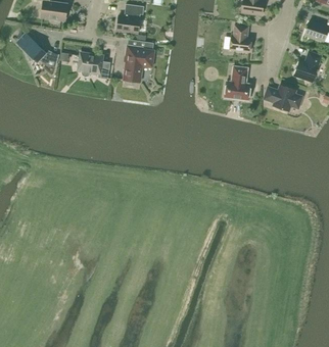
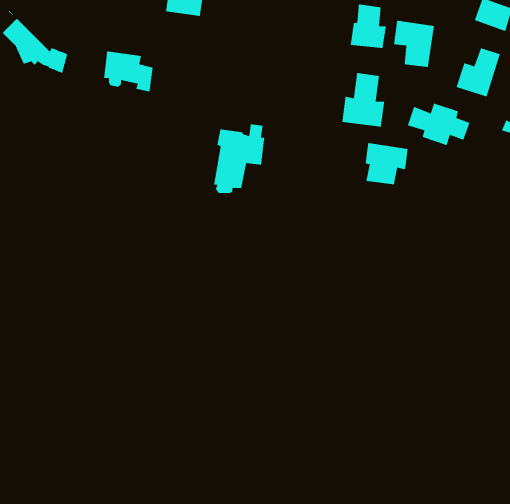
building: none -> [393,20,435,68]
building: [123,42,154,85] -> [213,124,265,194]
building: none -> [365,142,409,185]

